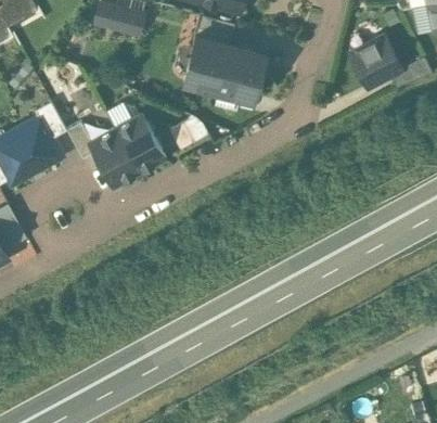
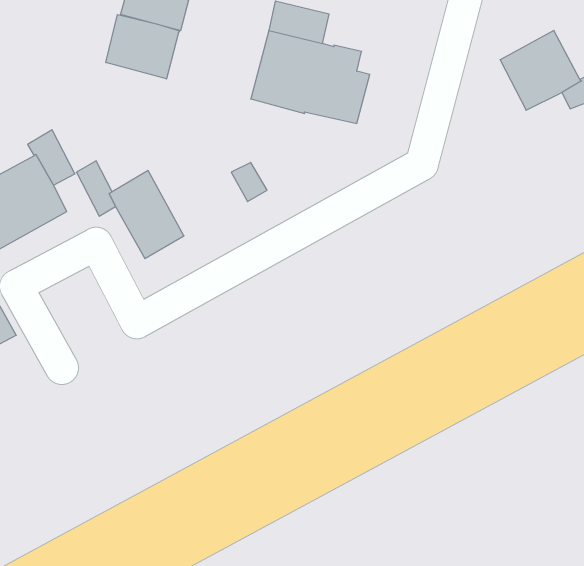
building: none -> [106,15,180,79]
building: [114,115,165,172] -> none

